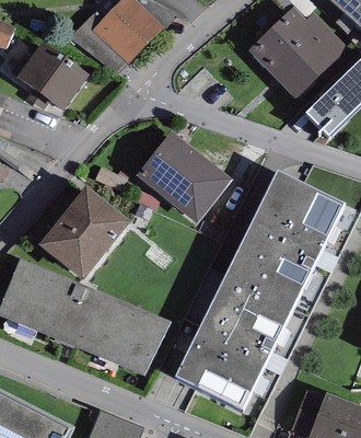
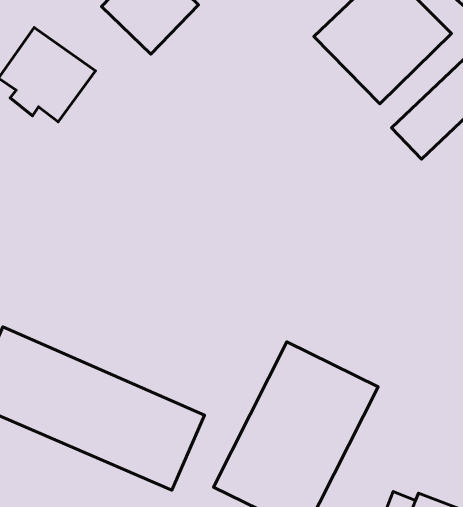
building: [136,132,232,224] -> none
building: [229,175,343,306] -> none
building: [37,189,130,284] -> none

